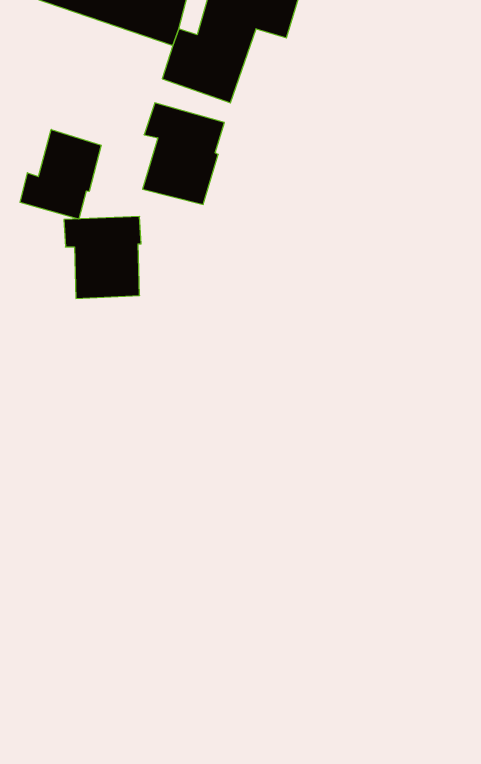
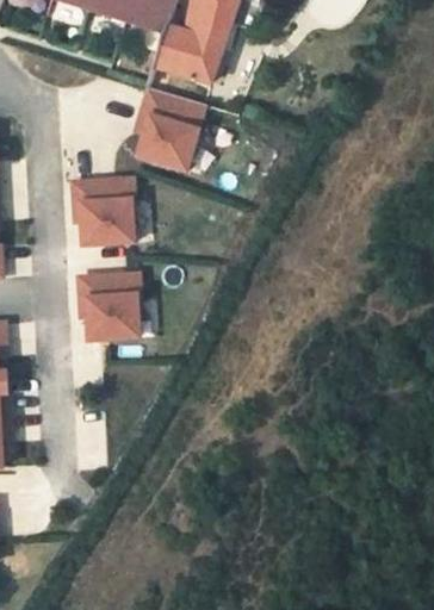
building: [20,129,101,219] -> none
building: none -> [85,272,145,336]

